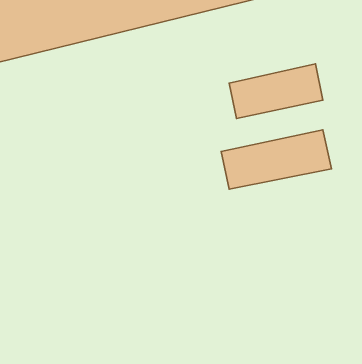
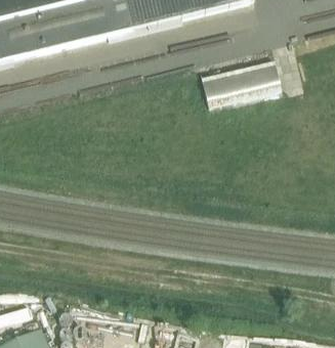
building: [221,130,332,189] -> none

